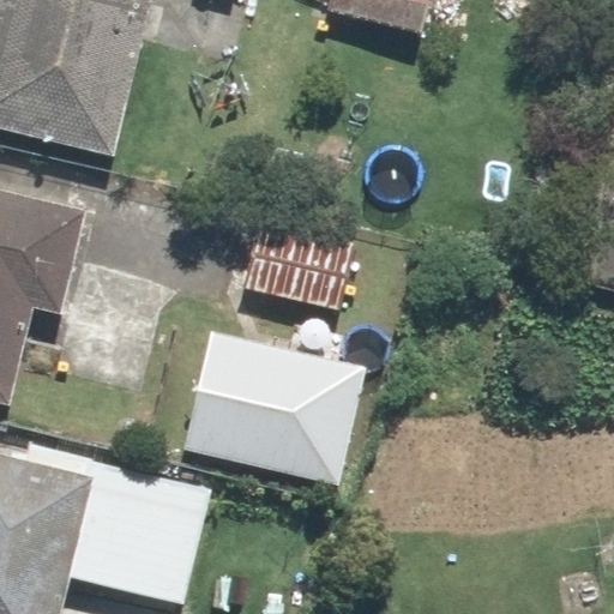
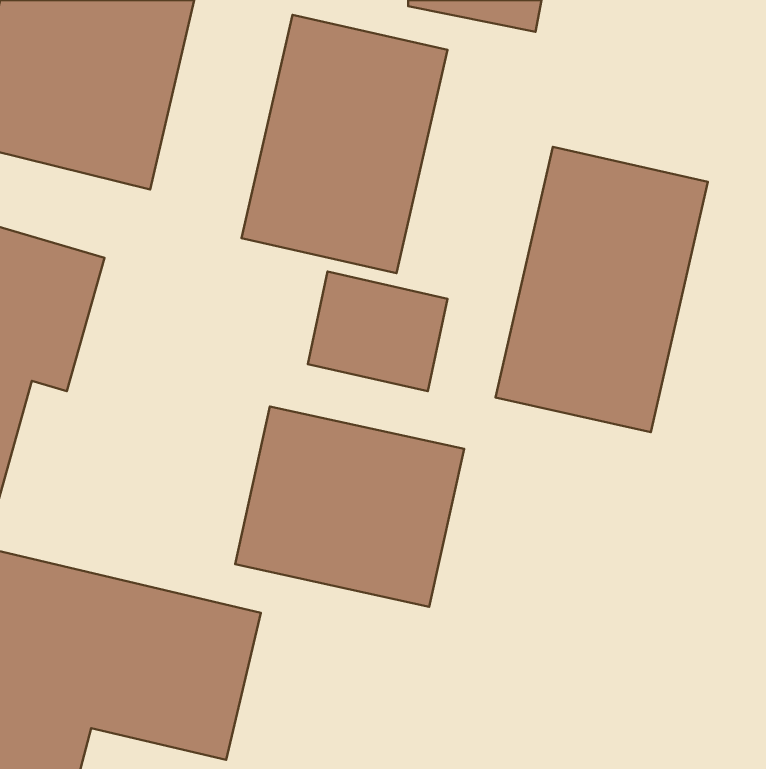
building: none -> [242,15,448,273]
building: none -> [496,147,708,432]

